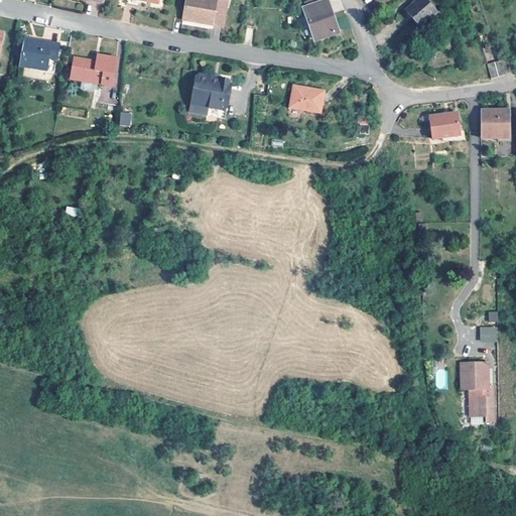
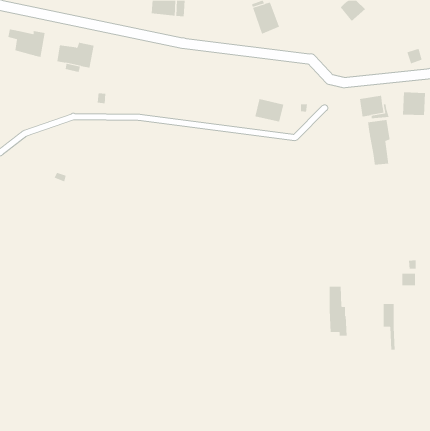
building: [188,76,231,114] -> none
building: [289,82,325,110] -> [255,99,284,122]
building: none -> [368,119,390,166]
building: [473,363,495,422] -> [329,286,347,336]

